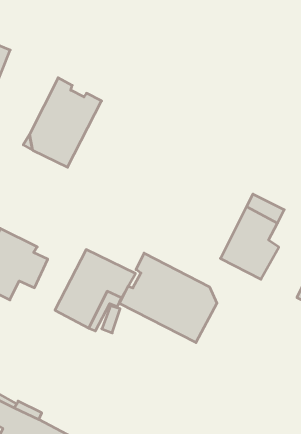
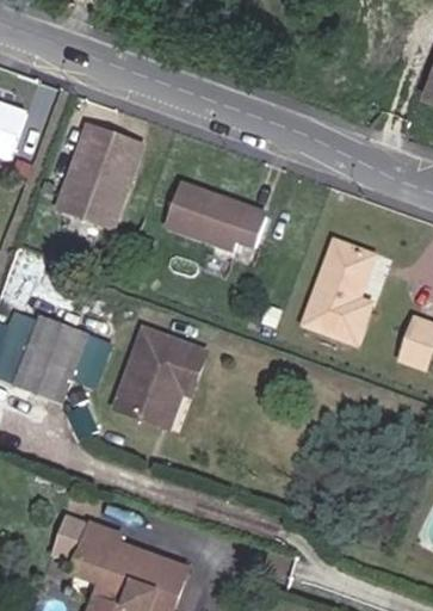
building: none -> [171,184,265,249]
building: [119,253,217,343] -> none

